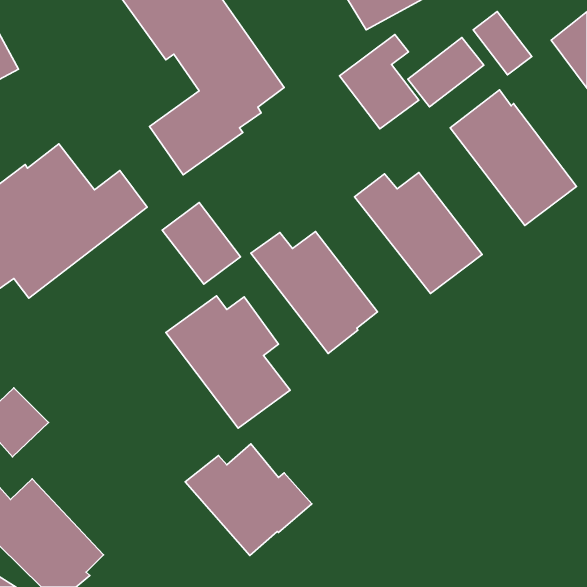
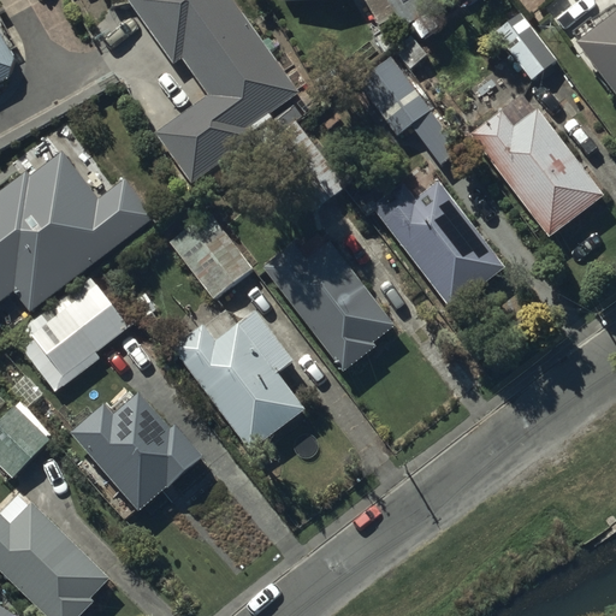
building: [408,37,484,107] -> none
building: none -> [16,276,126,390]
building: [185,444,312,556] -> [71,392,203,509]

